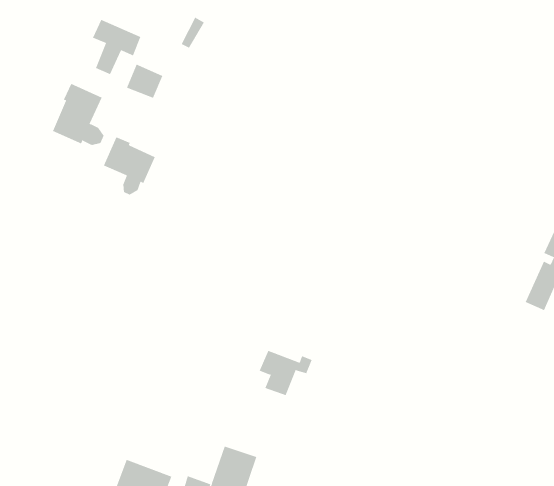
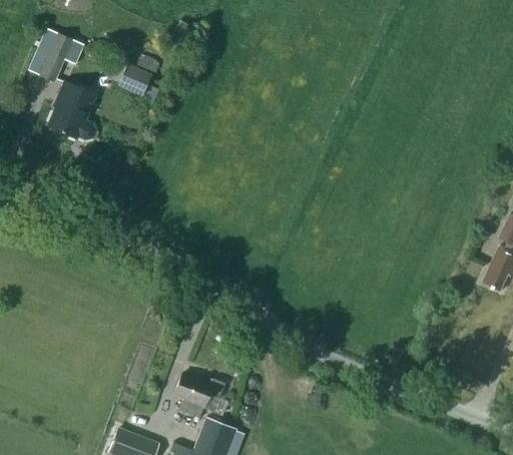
building: [92,19,141,75] -> [37,30,82,81]
building: [103,137,156,196] -> none
building: [259,350,312,396] -> [173,375,222,417]

